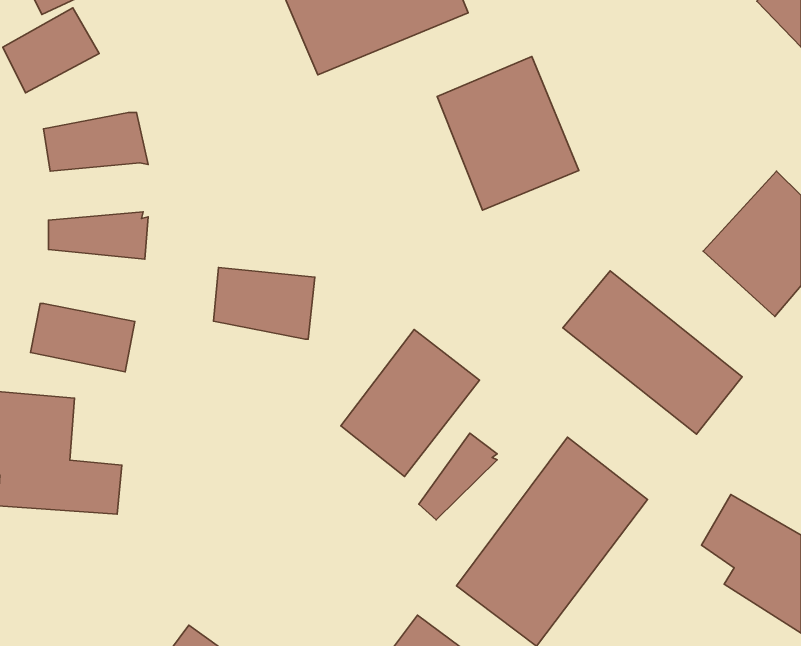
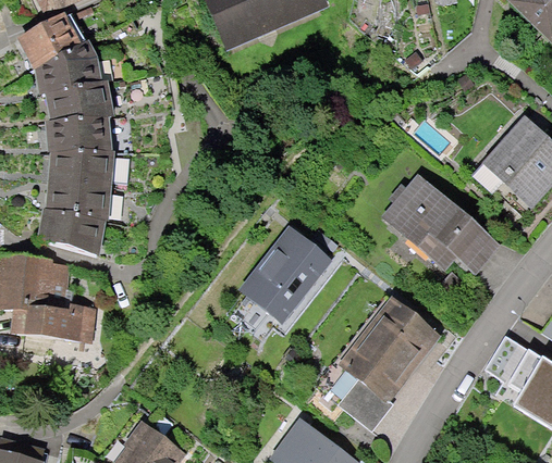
building: none -> [32,35,100,88]
building: [437,57,579,210] -> none
building: none -> [44,110,110,148]
building: [214,267,315,339] -> [44,167,111,215]
building: [419,433,497,520] -> none

